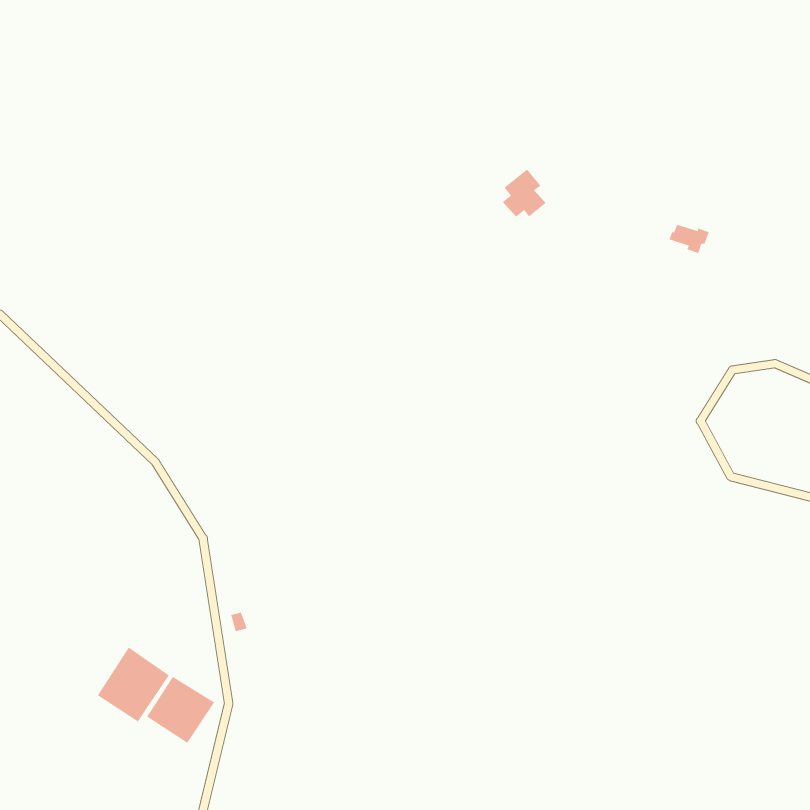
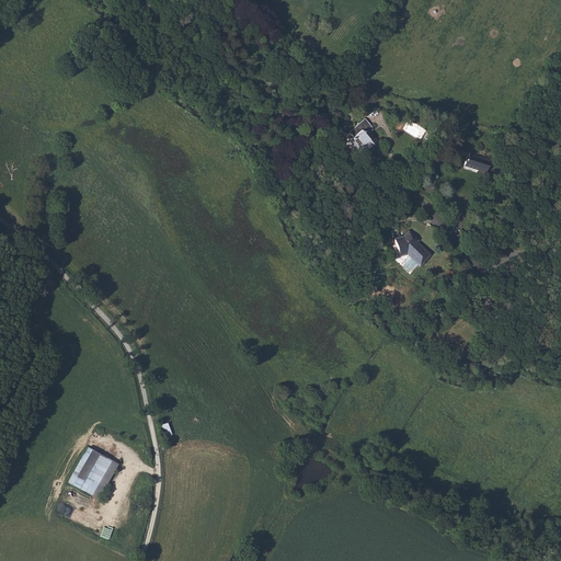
building: none -> [393,231,428,265]
building: [146,676,215,744] -> none

